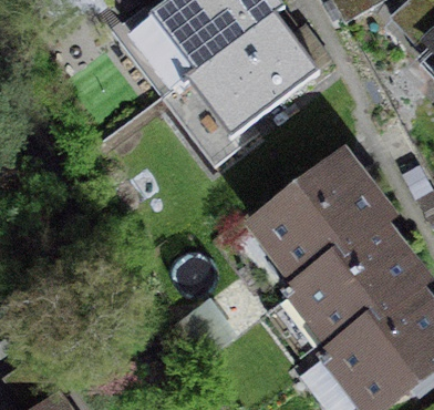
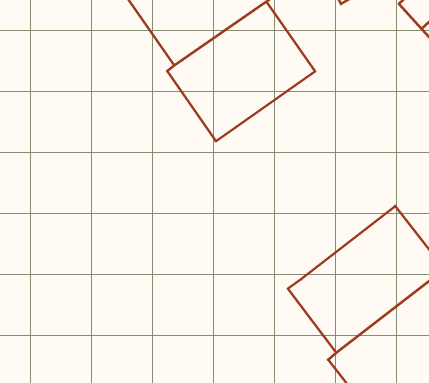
building: [249,140,403,284] -> none

